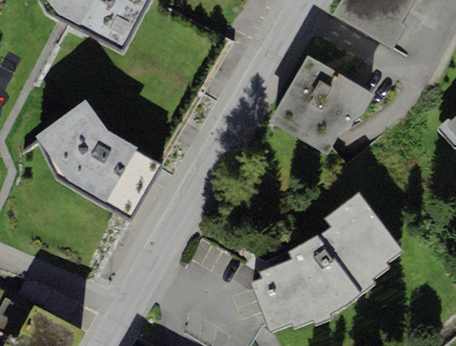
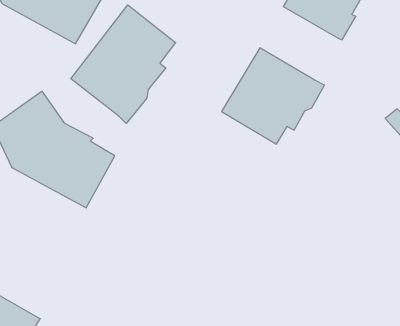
building: none -> [71,5,176,123]
building: [251,192,403,330] -> none

